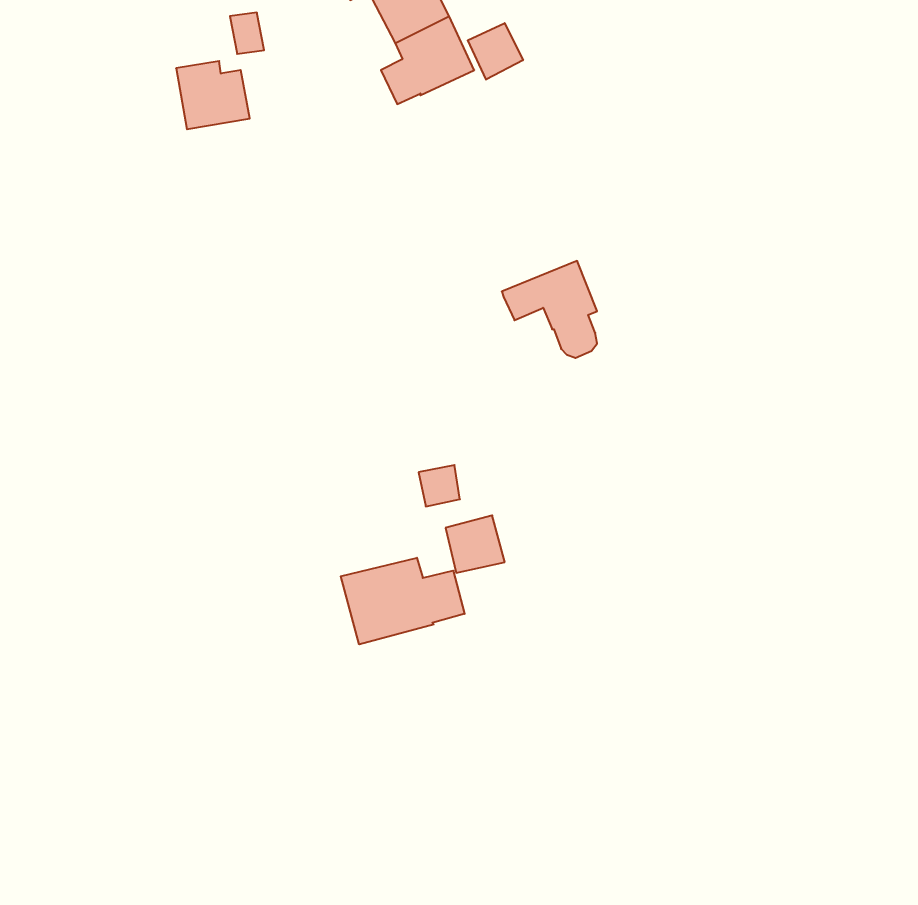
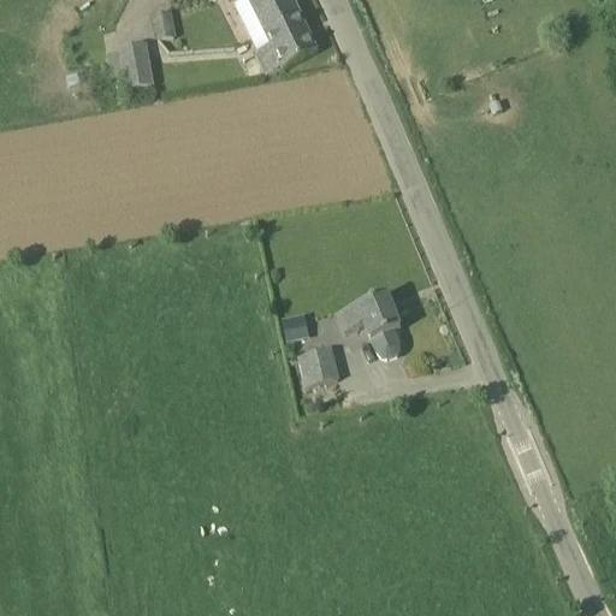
building: [468,23,523,80] -> none
building: [502,261,597,358] -> [337,291,401,356]
building: [341,558,465,644] -> none

